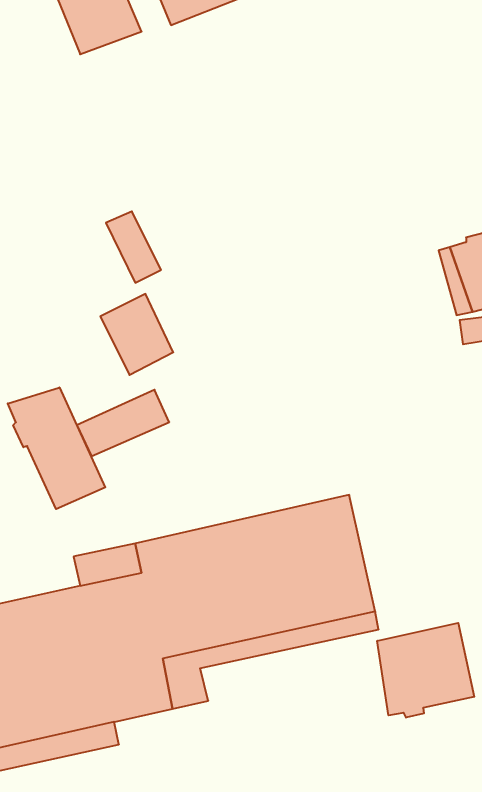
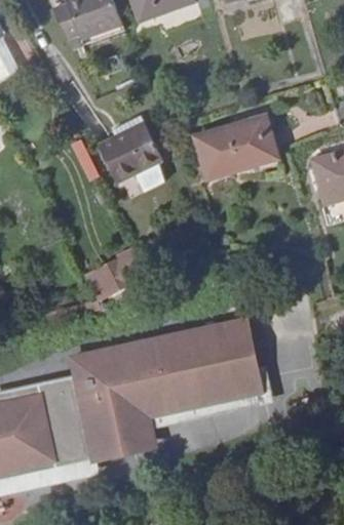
building: none -> [195,114,278,177]
building: [100,294,173,375] -> [115,121,161,172]
building: [8,387,105,509] -> none
building: [377,623,474,718] -> none

